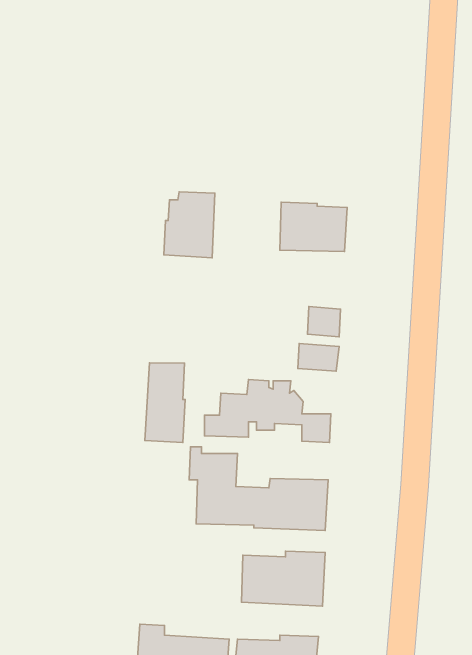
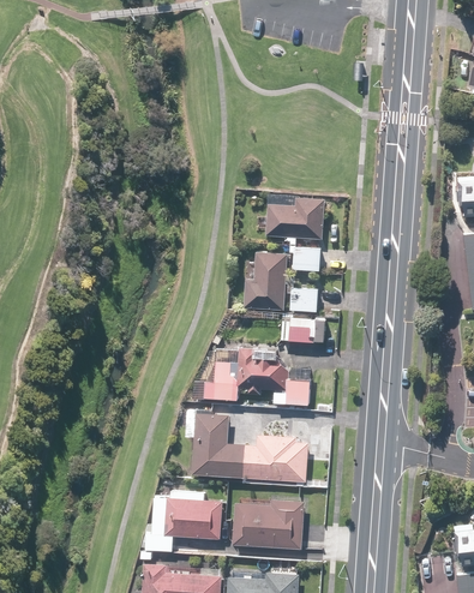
building: [164,192,215,258] -> [244,252,288,310]
building: none -> [293,246,323,272]
building: [145,363,185,443] -> none
building: none -> [140,498,222,558]

